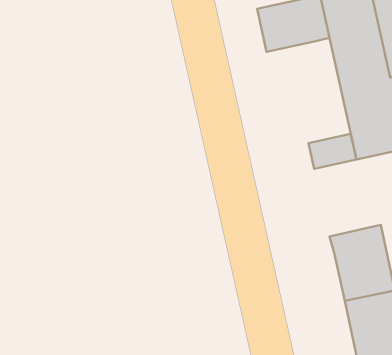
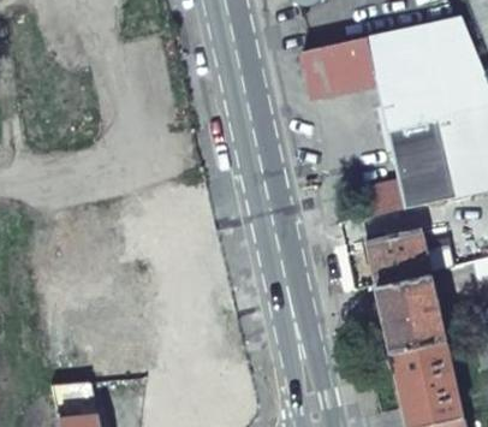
building: none -> [369,230,432,286]

